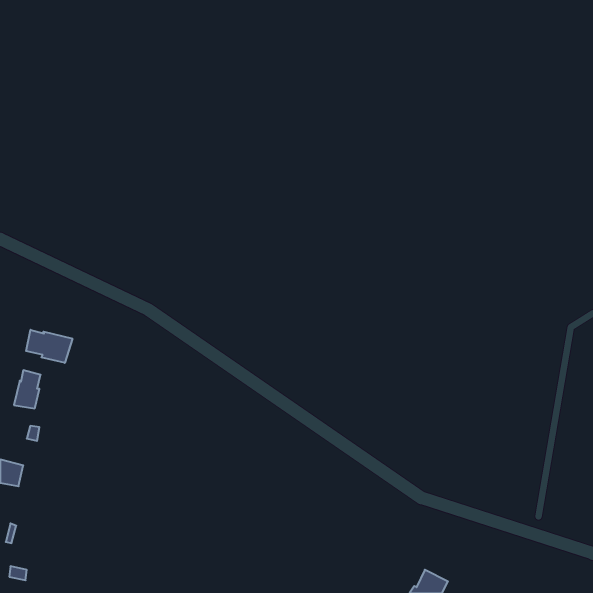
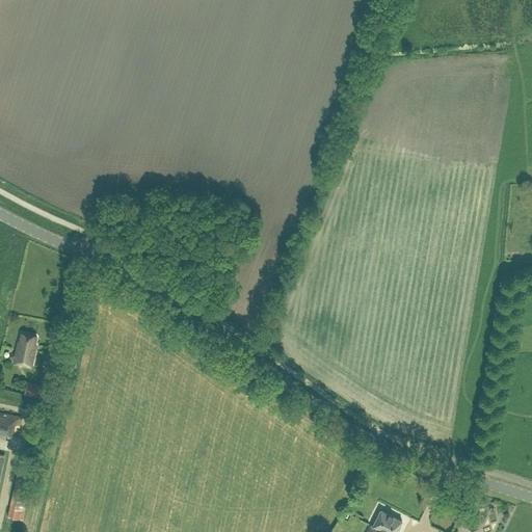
building: [26,330,72,363] -> none

